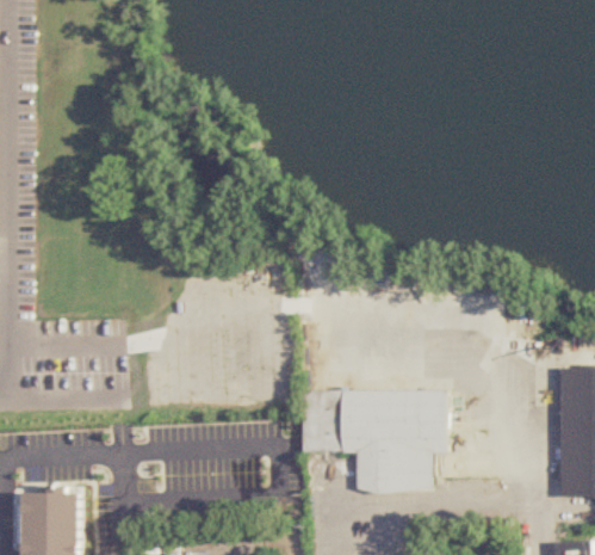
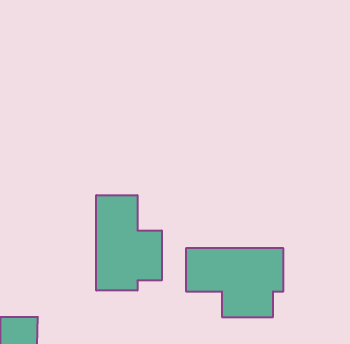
building: none -> [96,195,162,291]

